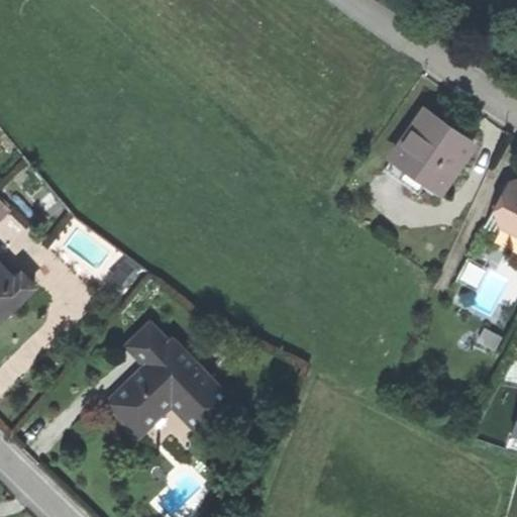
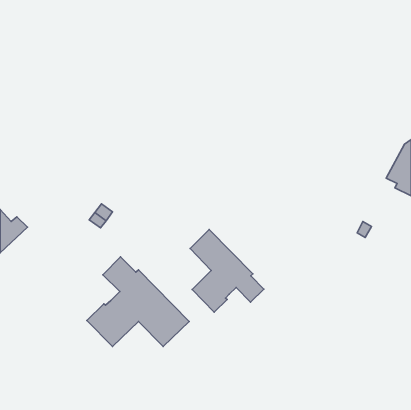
building: [388,110,474,189] -> none
building: none -> [190,229,264,312]

